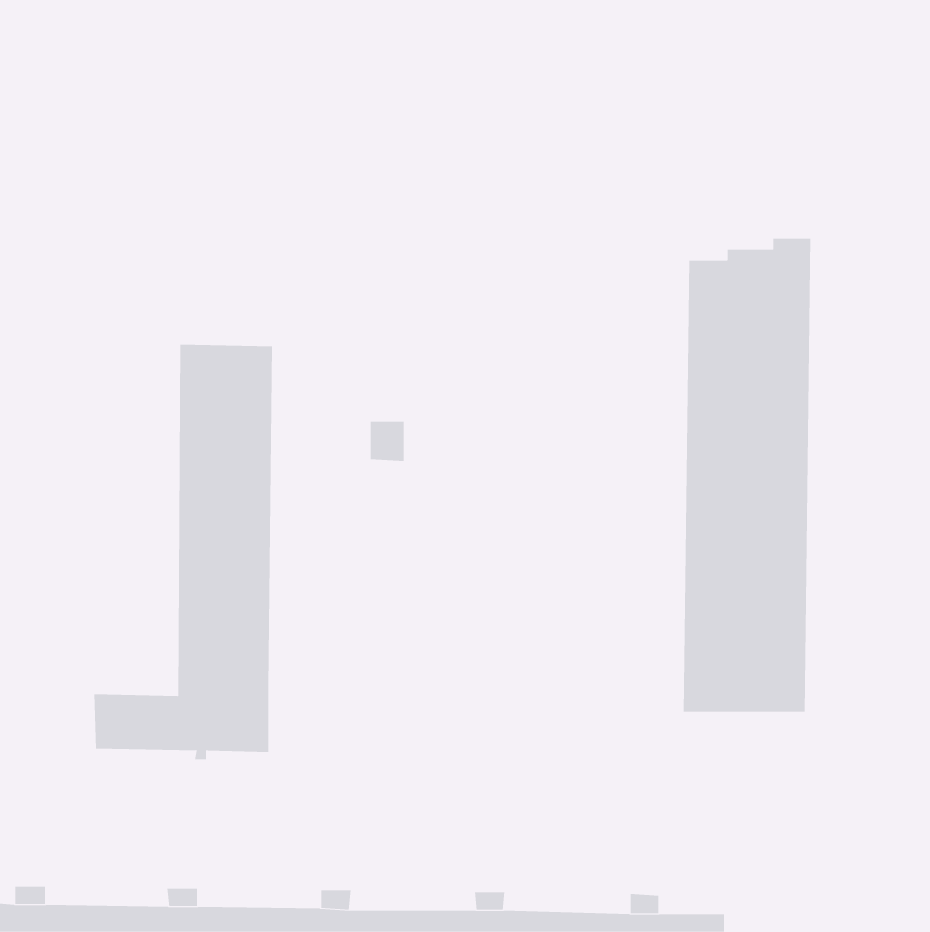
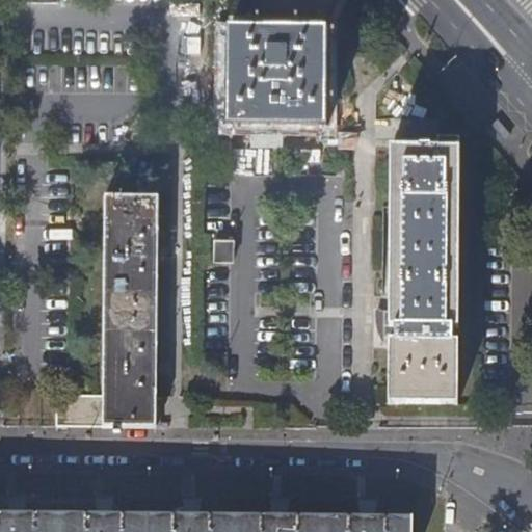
building: none -> [224,29,326,130]

